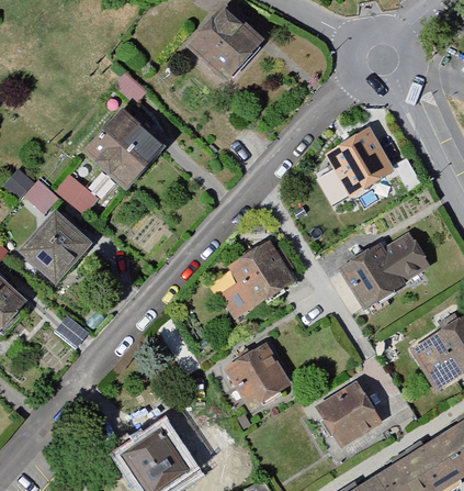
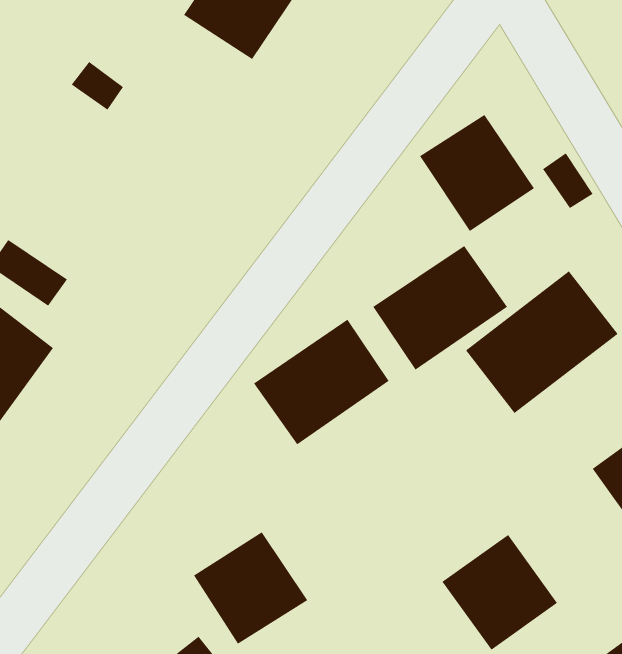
building: [77,107,162,192] -> none
building: none -> [372,245,508,370]
building: [224,342,292,409] -> [193,531,308,644]

